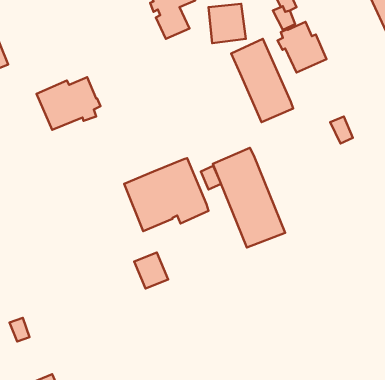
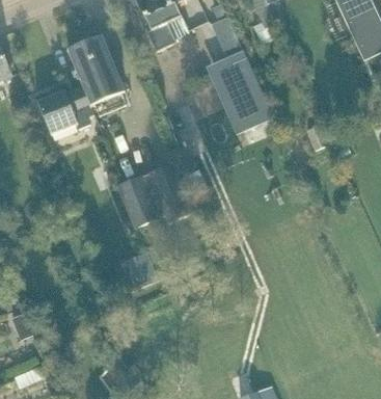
building: [278,22,326,72] -> none
building: none -> [66,35,125,106]
building: [213,148,285,248] -> none

